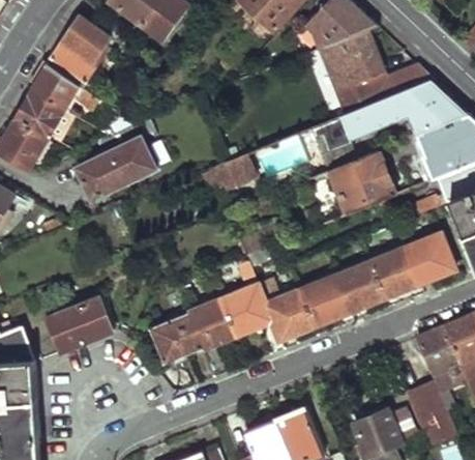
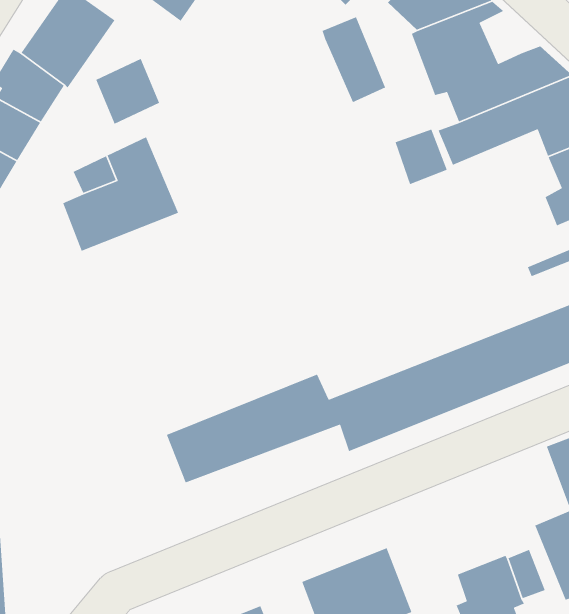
building: none -> [322,16,386,103]
building: none -> [95,58,160,125]
building: [325,152,391,215] -> none
building: [209,153,255,192] -> none
building: [41,298,109,354] -> none

